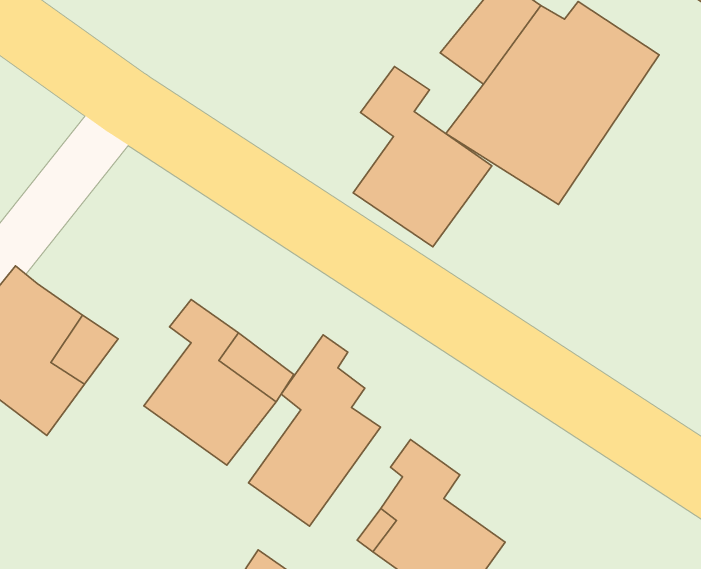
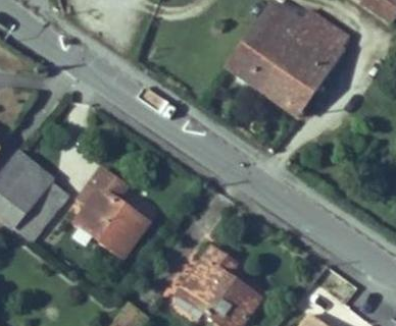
building: [353,66,492,247] -> none
building: [248,335,381,526] -> none

